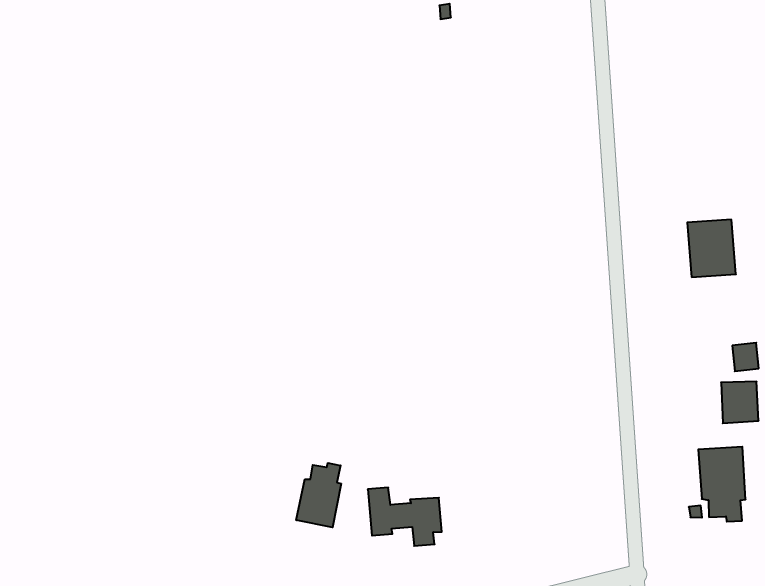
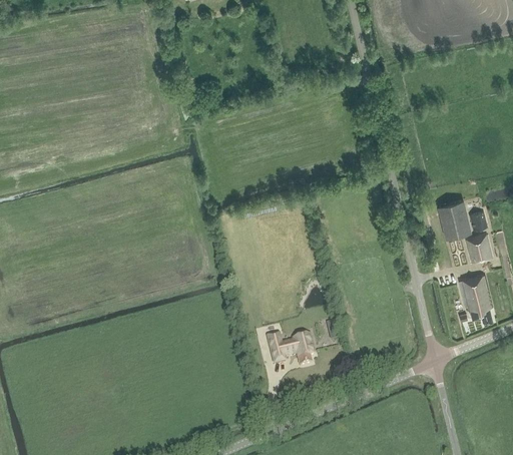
building: [687,220,736,277] -> [437,200,471,239]
building: [296,463,341,527] -> none

